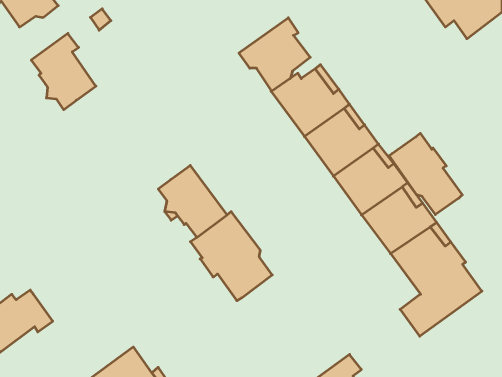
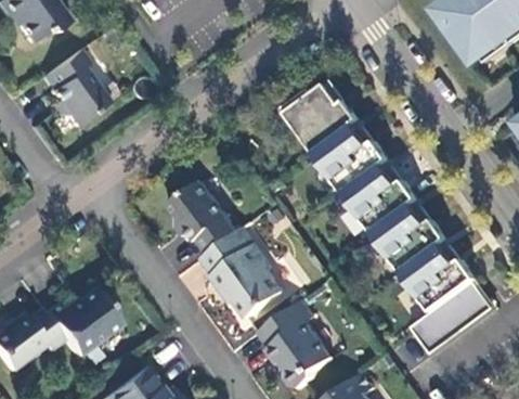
building: [239,18,310,91] -> none
building: [389,133,462,215] -> none
building: none -> [43,288,119,358]
building: none -> [259,301,334,390]

